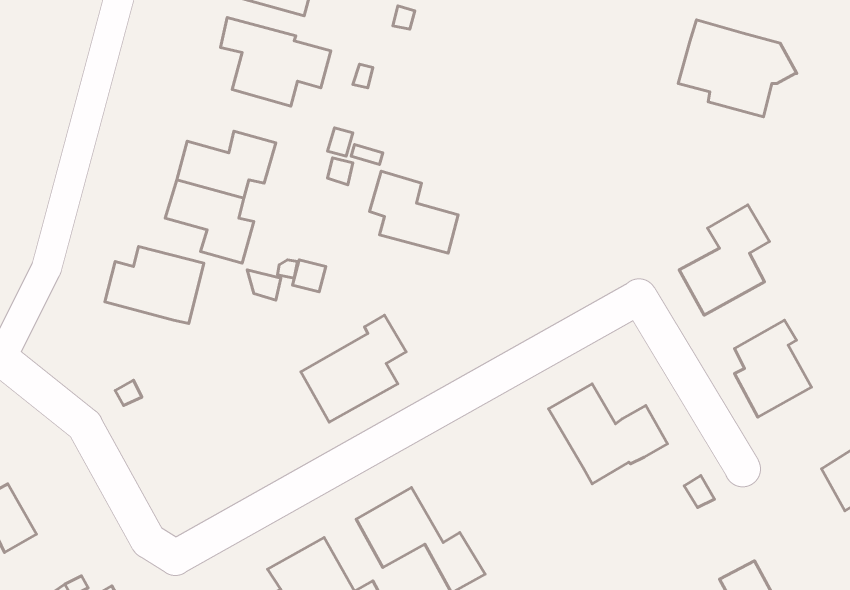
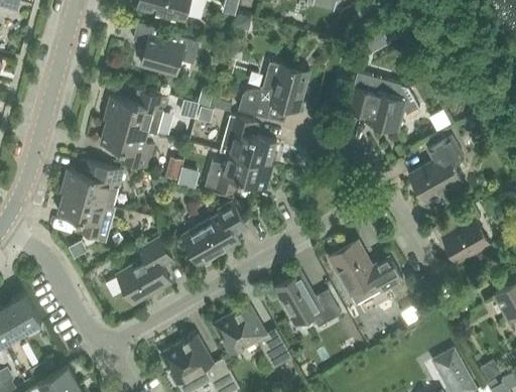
building: [678,20,797,117] -> [347,74,418,132]
building: none -> [238,66,307,124]
building: none -> [210,154,273,194]
building: none -> [57,194,110,241]
building: none -> [116,238,172,304]
building: none -> [274,274,341,328]
building: none -> [5,293,41,335]

